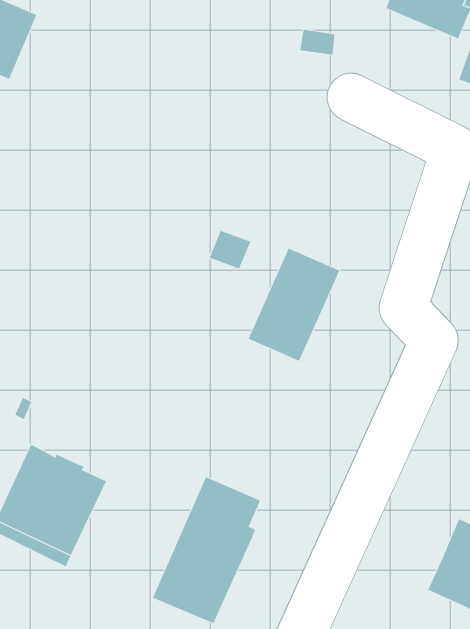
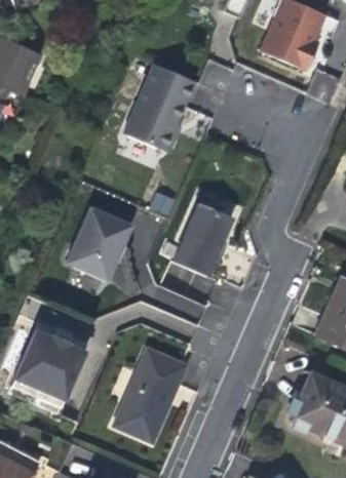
building: none -> [125,64,195,151]
building: none -> [67,206,131,278]

